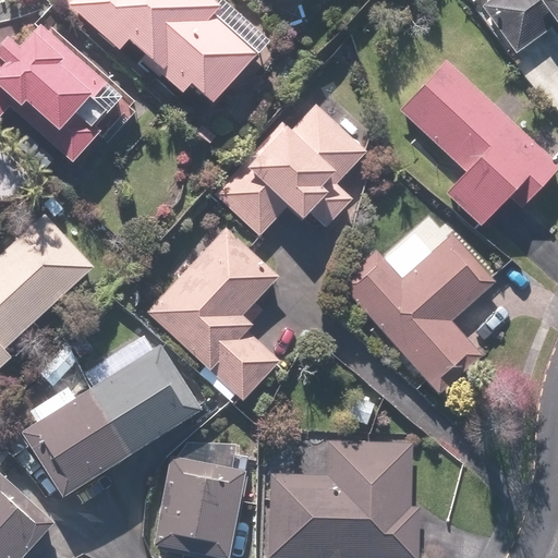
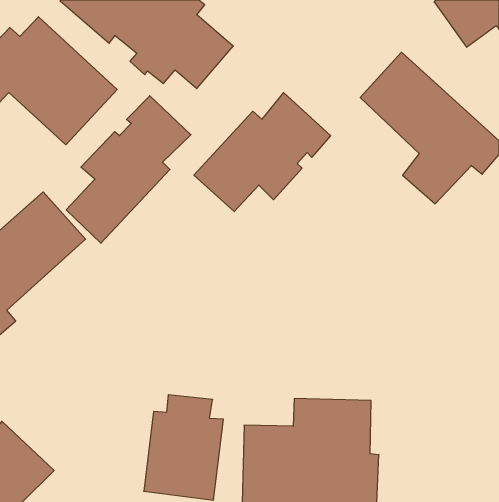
building: none -> [66,96,191,243]
building: [146,227,283,404] -> none
building: [338,232,496,395] -> none
building: [24,330,207,497] -> none

